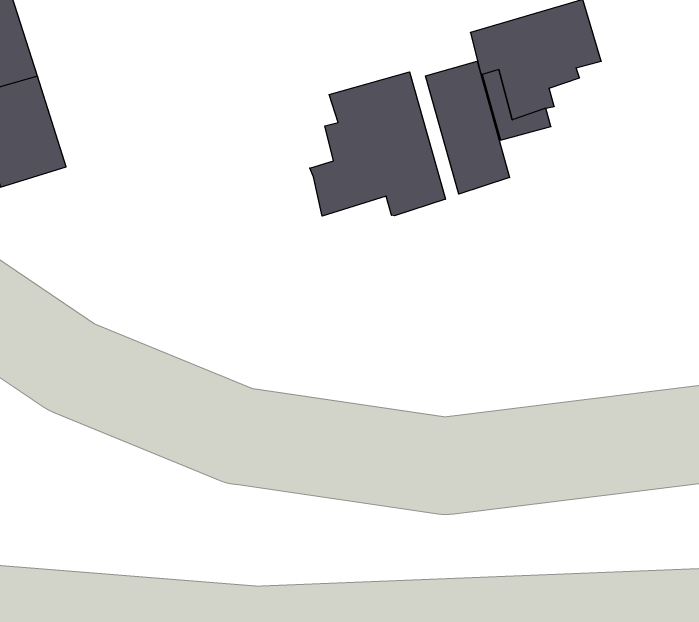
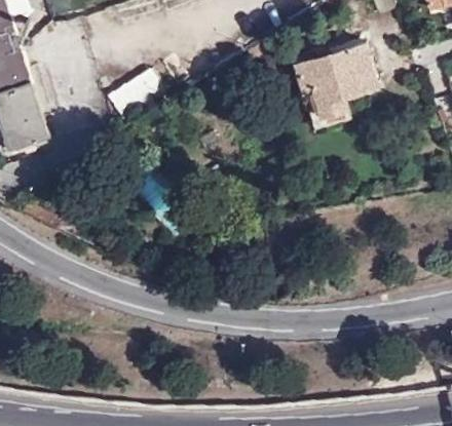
building: [426,61,510,194] -> none
building: [310,72,445,216] -> none

